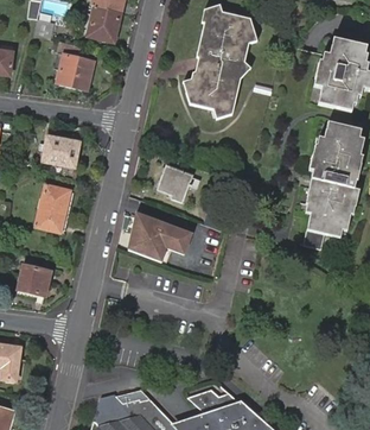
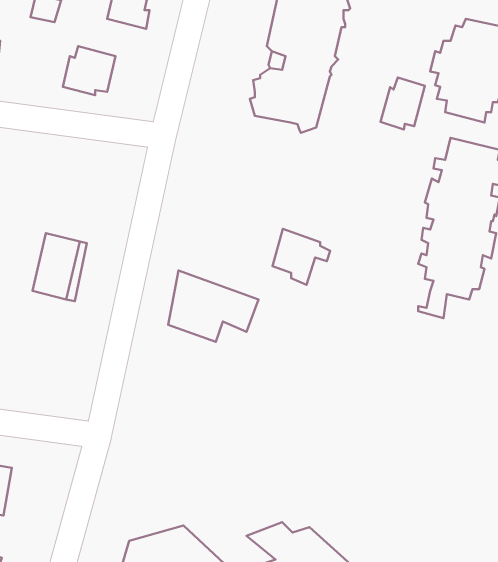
building: none -> [381,77,425,129]
building: [43,137,79,170] -> none
building: [158,163,198,202] -> [273,229,330,285]
building: [21,264,50,295] -> none

